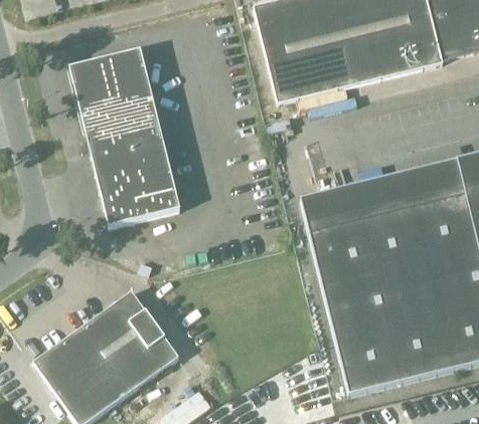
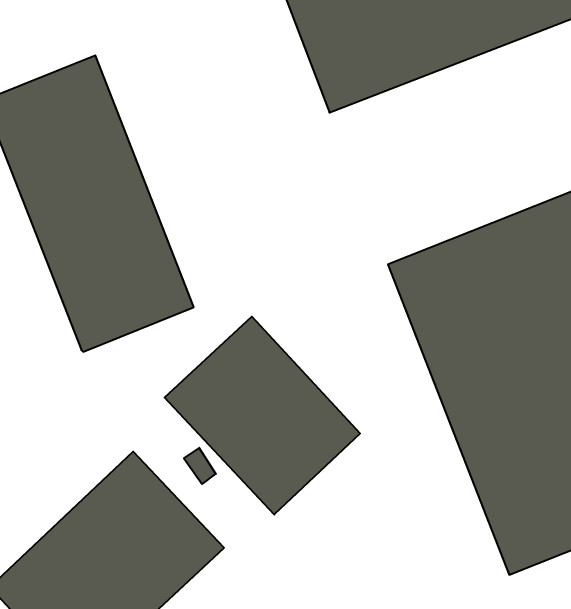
building: none -> [165,317,360,515]

